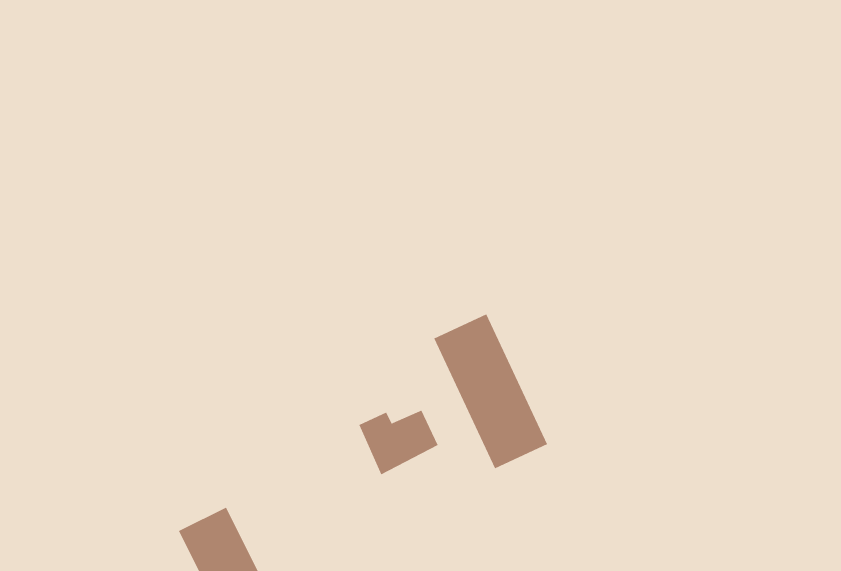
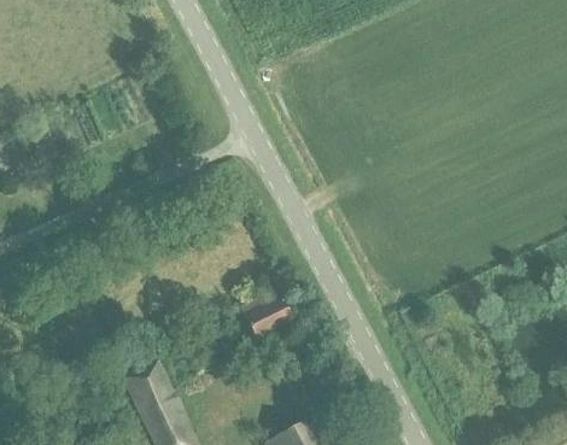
building: [434,313,548,469] -> none

